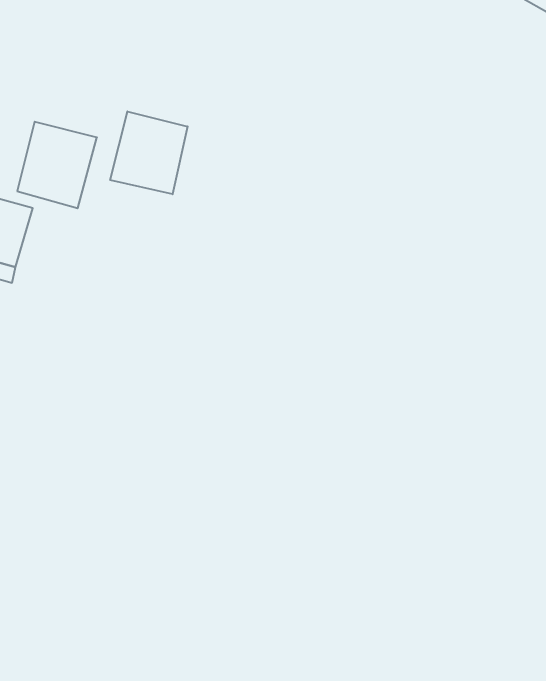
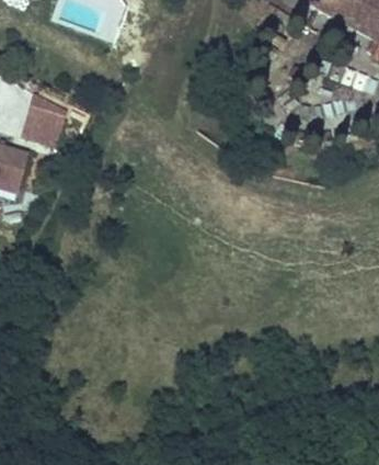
building: [110,111,188,194] -> none

